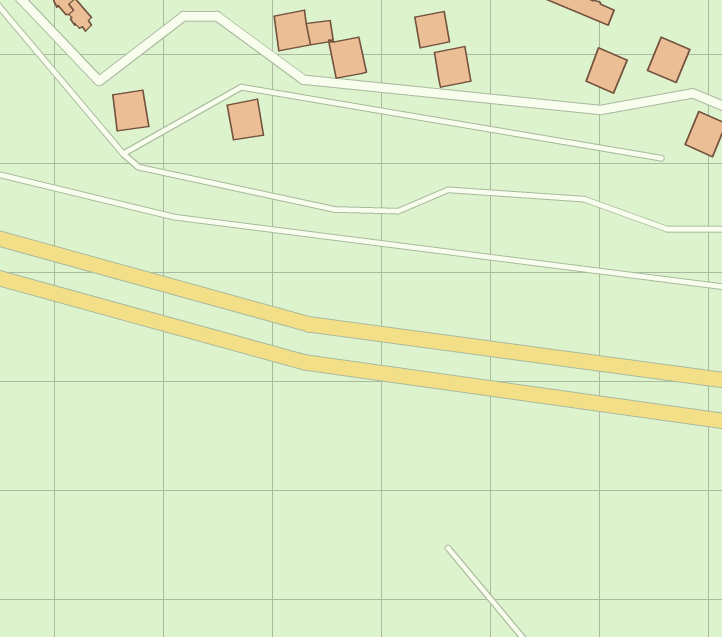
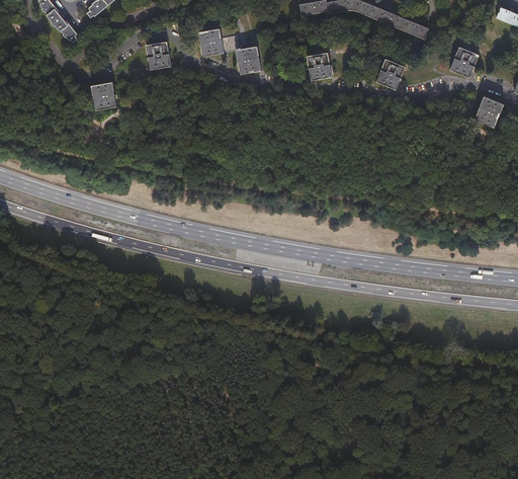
building: [415,11,449,48] -> none
building: [586,48,627,93] -> [376,59,404,89]
building: [227,99,264,140] -> [146,42,170,69]

